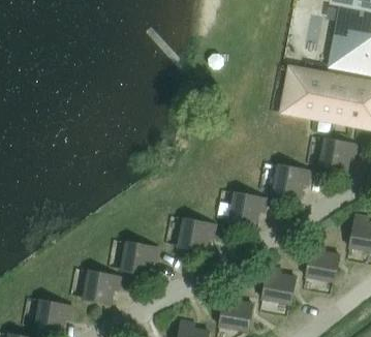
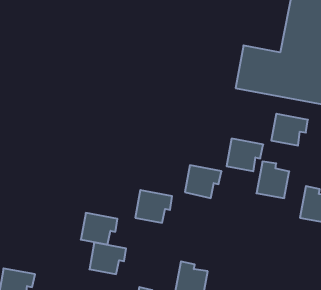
building: [305,244,339,282] -> [256,162,289,198]
building: [261,266,295,304] -> none
building: [82,271,120,304] -> [89,242,126,274]

